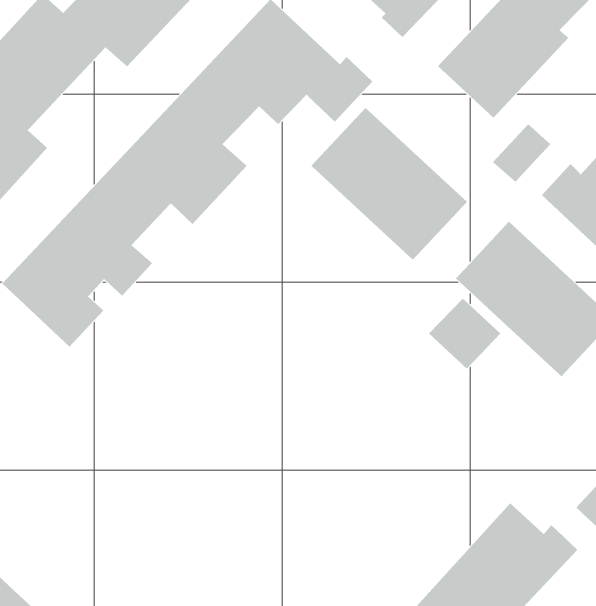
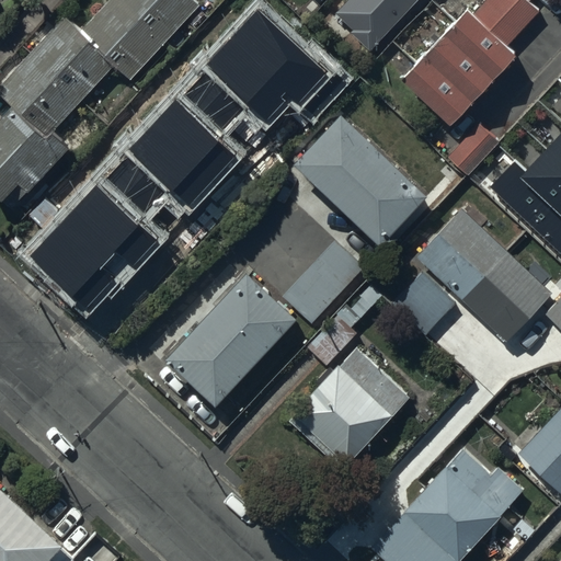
building: none -> [284,242,364,323]
building: none -> [167,271,297,403]
building: none -> [290,347,410,469]

